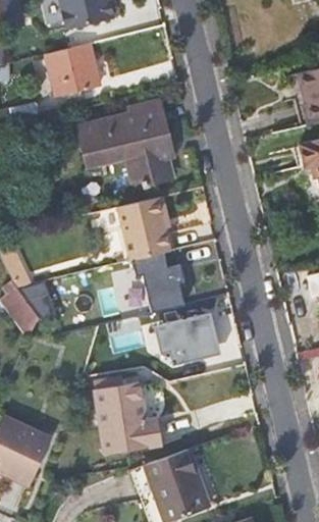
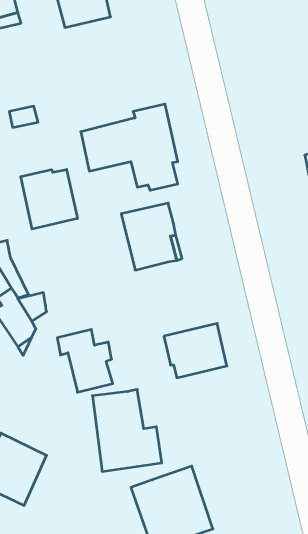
building: [45,44,100,98] -> none
building: none -> [21,169,77,229]
building: [132,253,185,313] -> [57,329,113,392]

